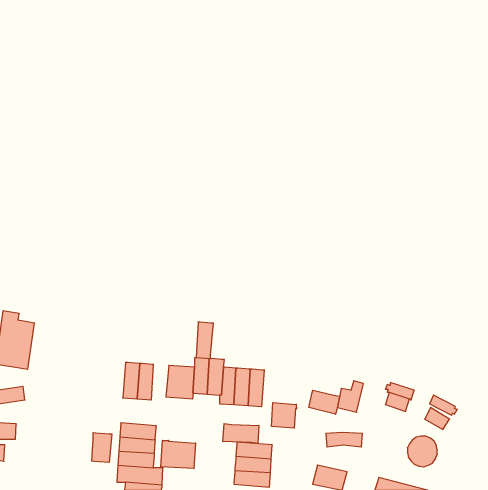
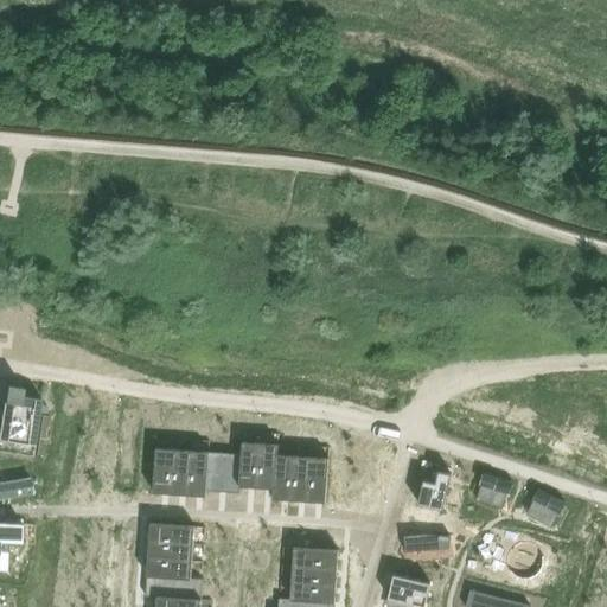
building: [196,322,213,359] -> [187,451,209,496]
building: [309,390,340,414] -> none
building: [272,403,296,428] -> none
building: [223,424,259,443] -> none
building: [92,433,112,462] -> none
building: [161,440,196,469] -> none

